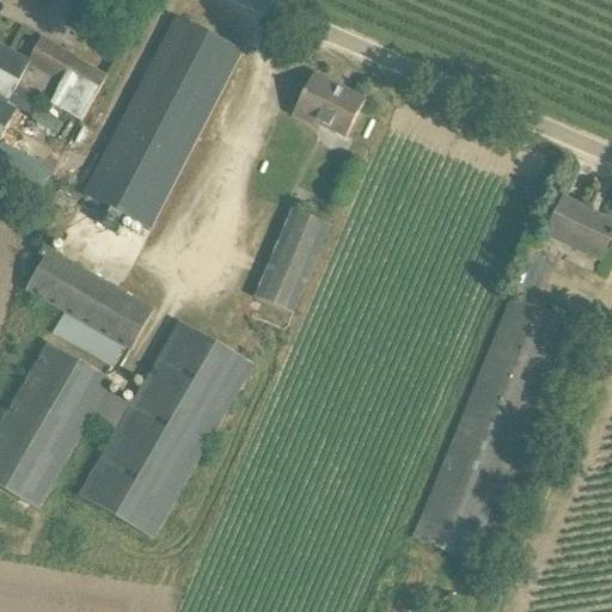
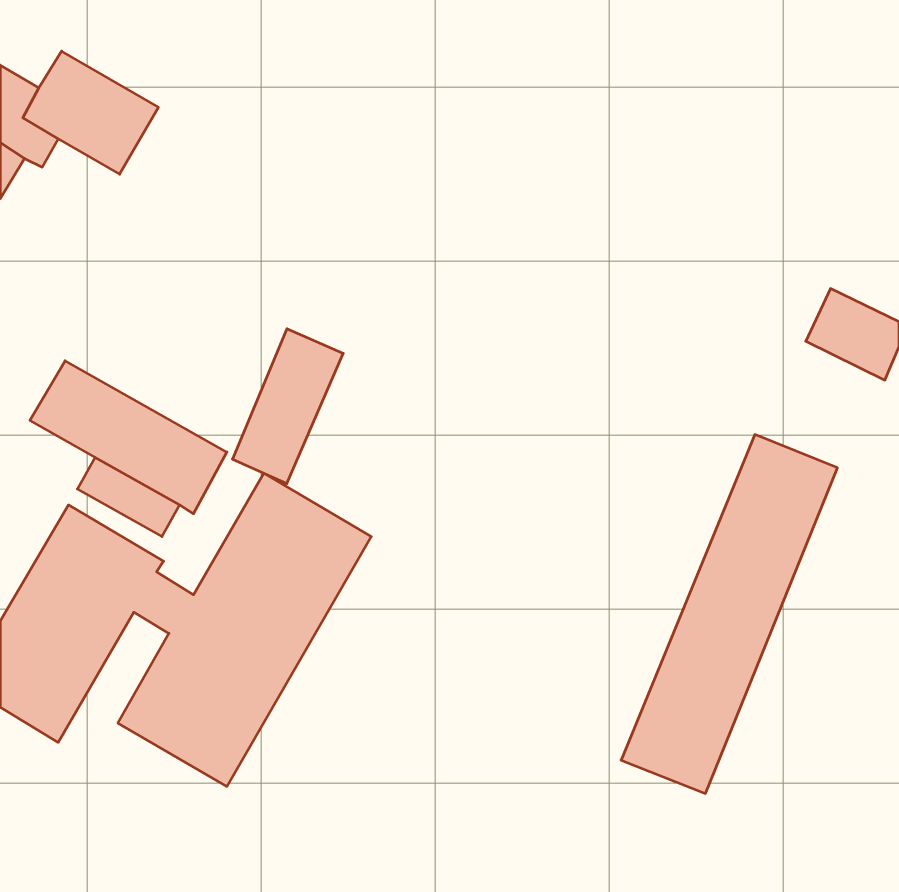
building: [82,18,240,226] -> none
building: [295,72,366,134] -> none
building: [256,207,331,312] -> [232,329,343,484]

